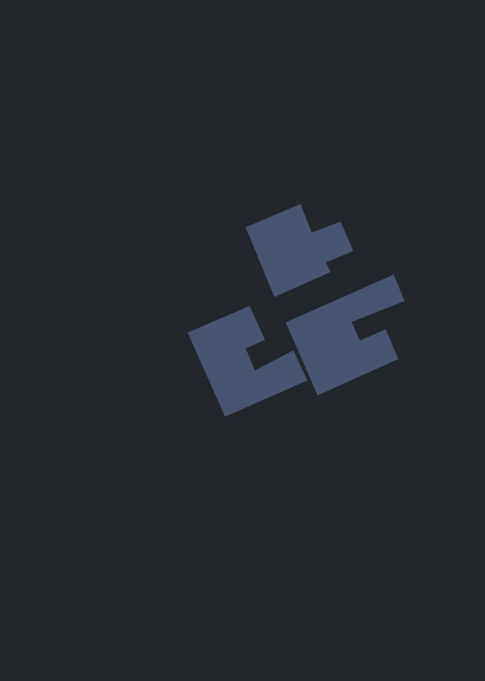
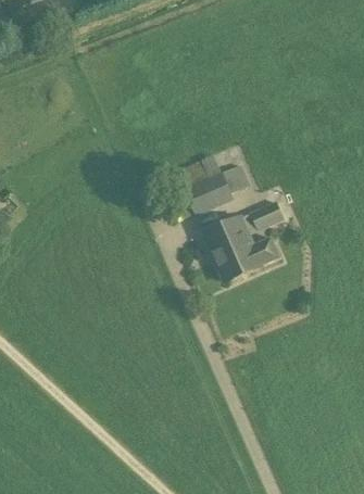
building: [187,305,308,418] -> none

